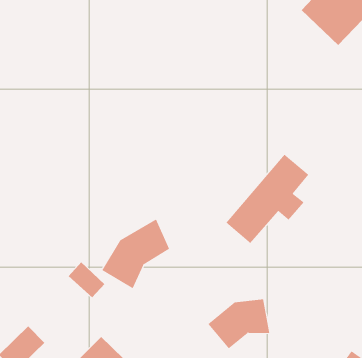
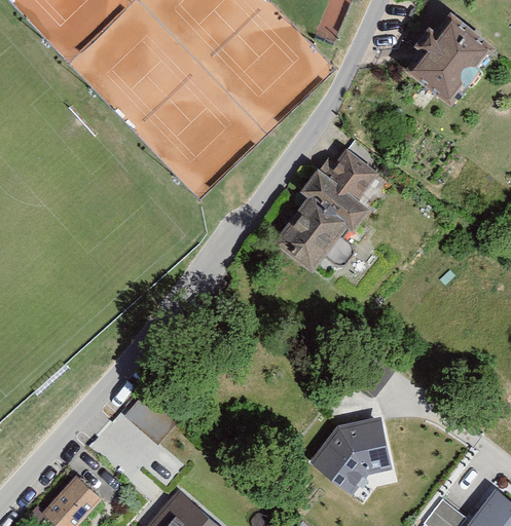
building: [226,154,309,244] -> [273,149,375,264]
building: [102,218,170,289] -> none

